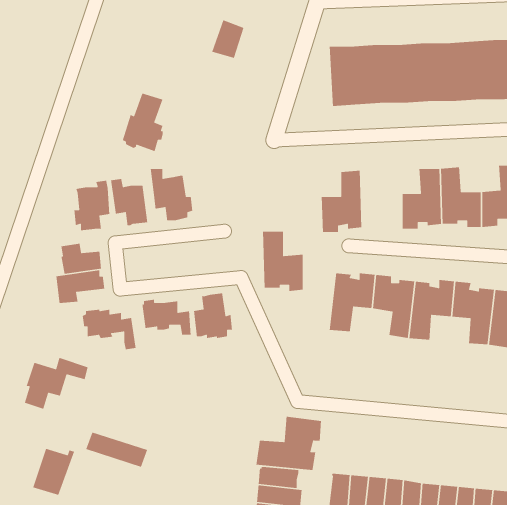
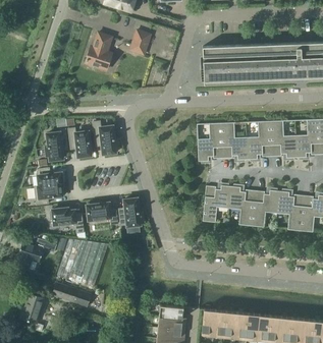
building: [122,92,163,152] -> [87,33,112,69]
building: [262,231,304,292] -> [222,122,248,160]
building: none -> [57,238,109,287]
building: [256,416,322,471] -> none

